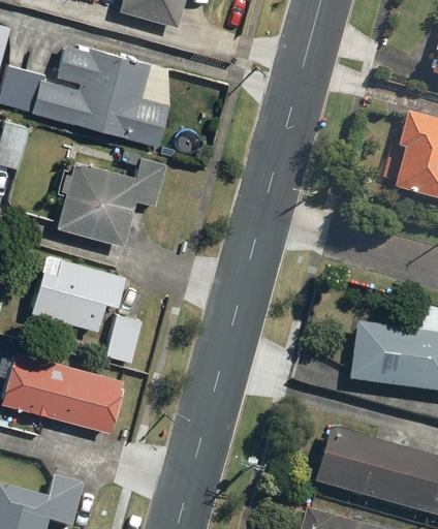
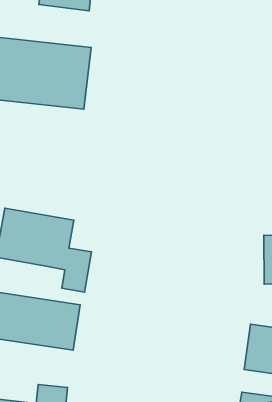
building: [53,150,170,244] -> none

